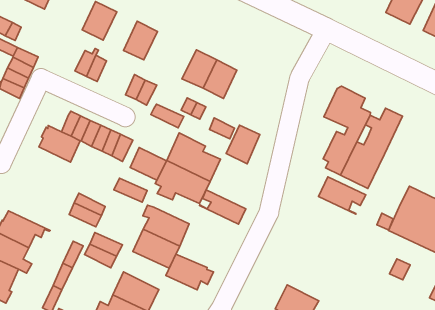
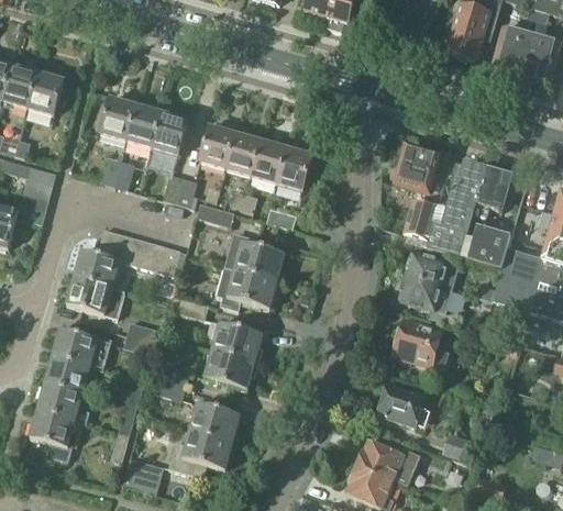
building: none -> [126,105,162,148]
building: none -> [199,126,235,169]
building: none -> [472,168,511,219]
building: [226,125,260,164] -> [276,148,311,191]
building: none -> [64,276,124,319]
building: [130,147,167,180] -> none
building: none -> [466,225,510,269]
building: none -> [52,327,111,369]
building: [199,190,246,224] -> none
building: none -> [398,277,451,323]
building: none -> [391,319,443,367]
building: [166,254,213,290] -> none

